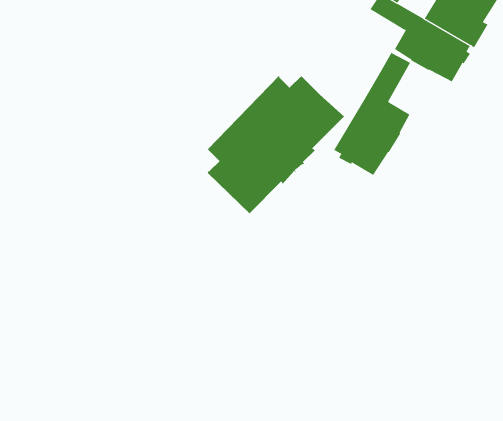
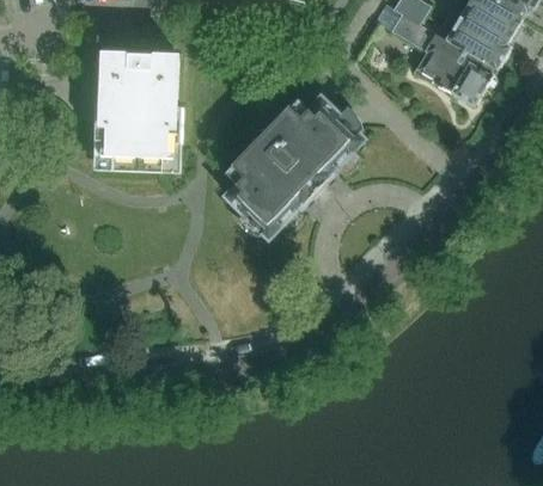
building: none -> [94,38,182,170]
building: [334,52,411,176] -> none

